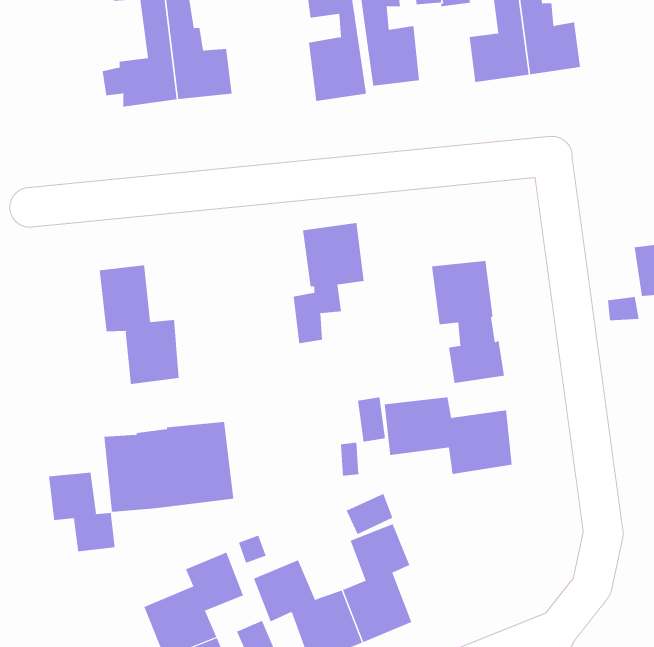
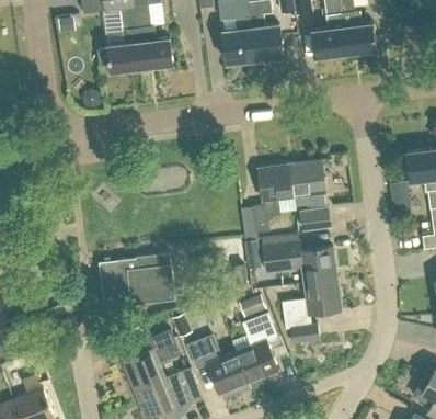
building: [293,222,365,344] -> [251,163,292,234]
building: [99,264,179,385] -> none
building: none -> [280,279,340,343]
building: [48,472,115,552] -> none

